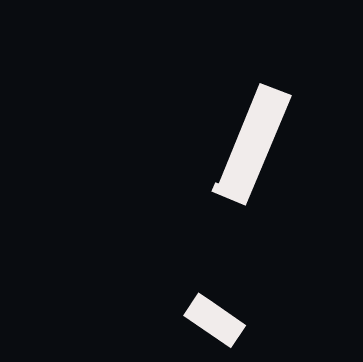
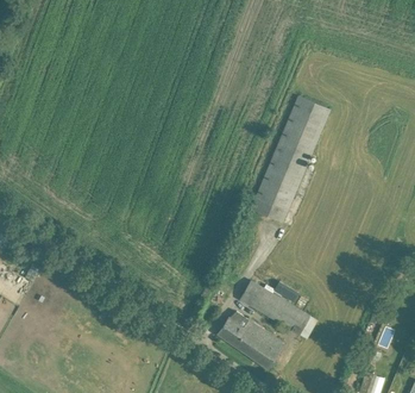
building: none -> [239,280,309,333]

